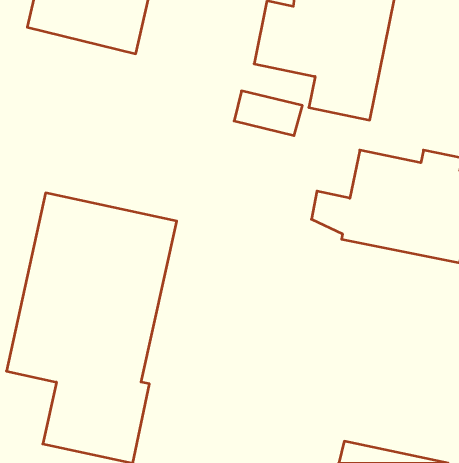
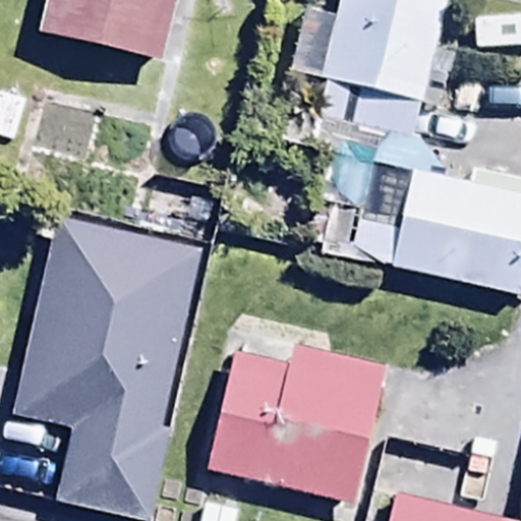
building: none -> [209,346,384,500]

